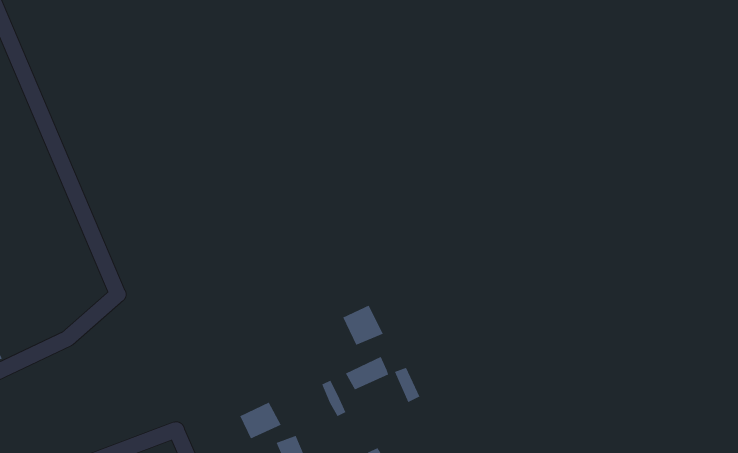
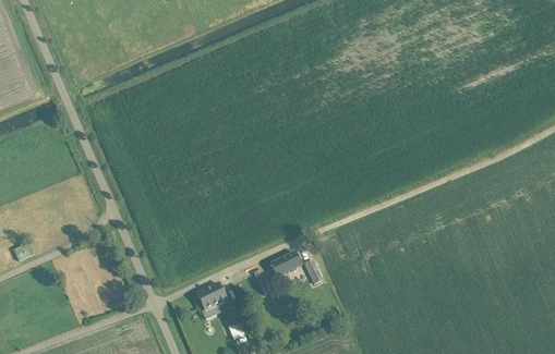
building: [342,305,384,346] -> none

